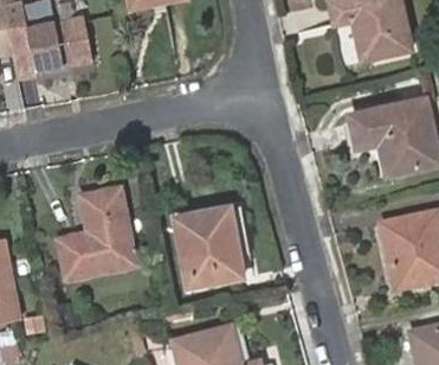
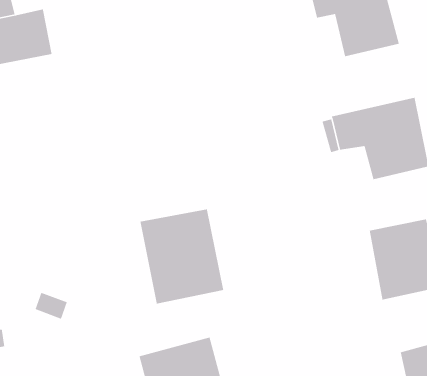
building: [54,185,140,281] -> none

